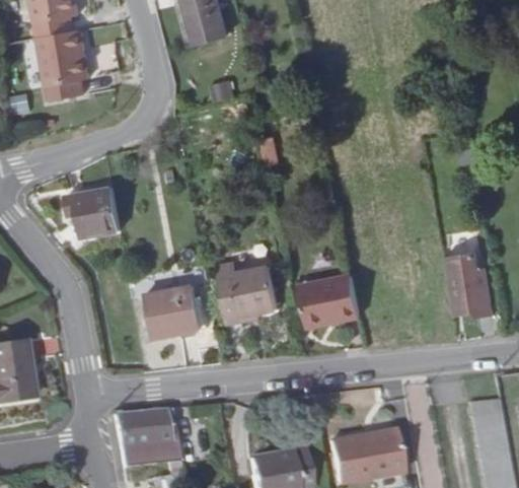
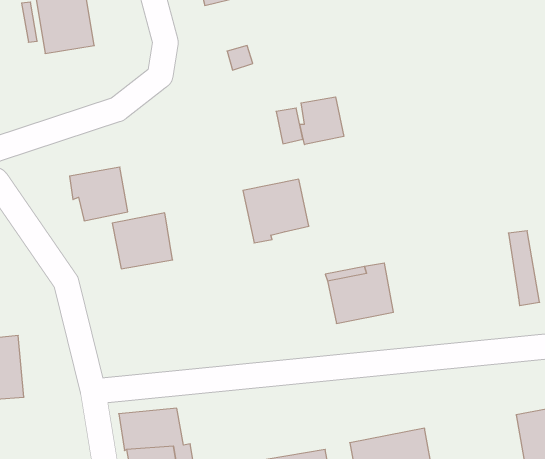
building: none -> [300,97,344,145]
building: [445,250,474,311] -> none
building: [216,266,276,324] -> [243,179,309,243]
building: [144,283,199,334] -> [112,213,173,269]

